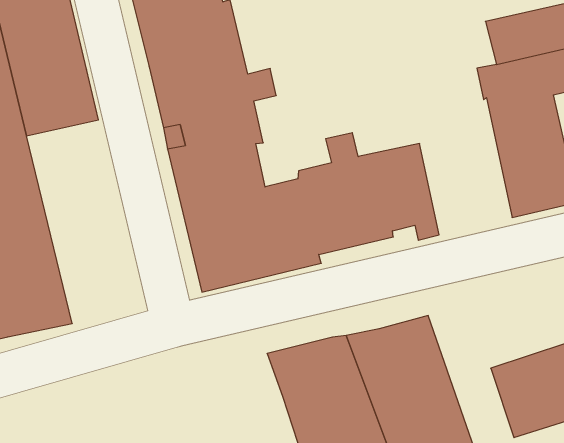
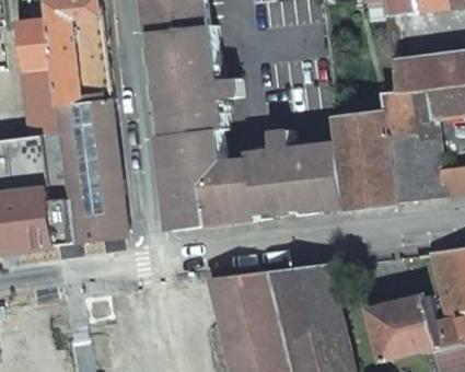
building: none -> [333,114,395,208]
building: none -> [55,98,124,242]

